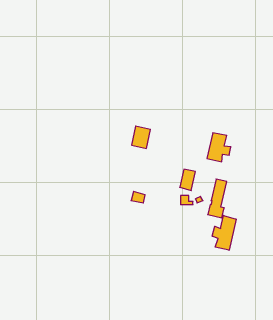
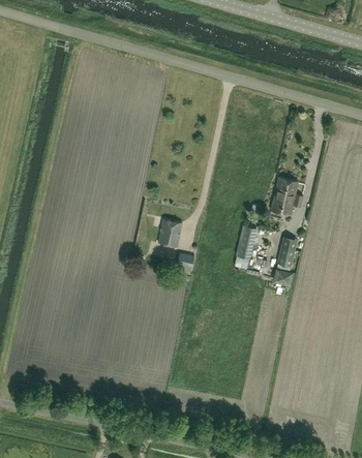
building: [132,126,150,148] -> [158,219,182,247]
building: [212,215,236,250] -> none

